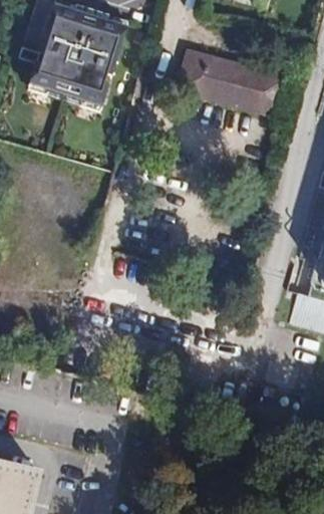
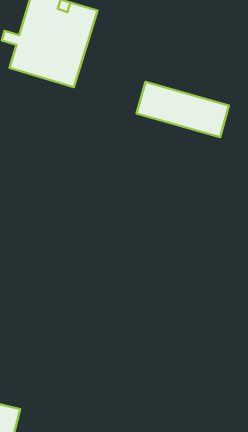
building: [181,53,286,116] -> [137,82,229,137]

